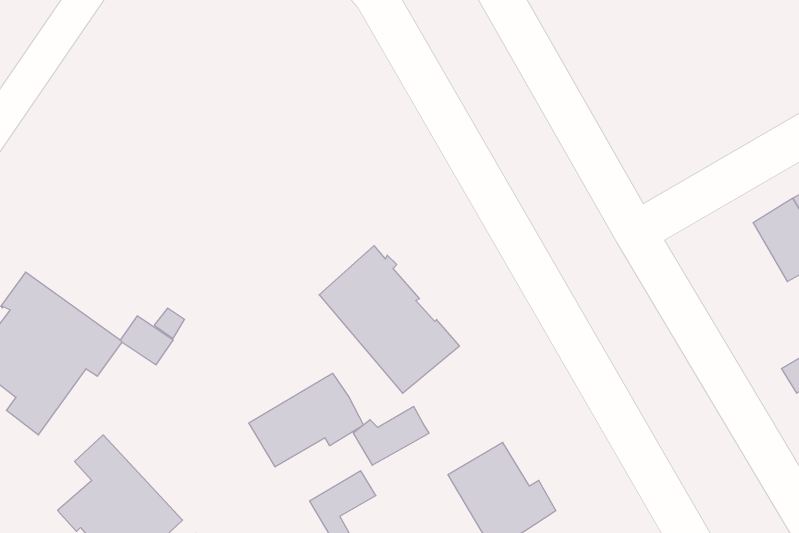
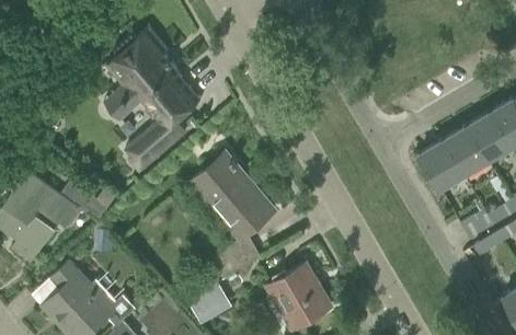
building: none -> [105,30,200,173]
building: none -> [418,140,463,189]
building: [249,373,363,467] -> none

